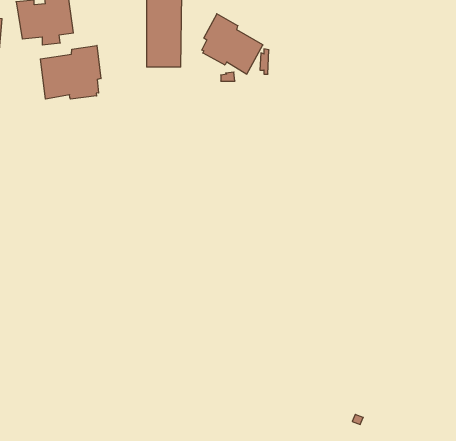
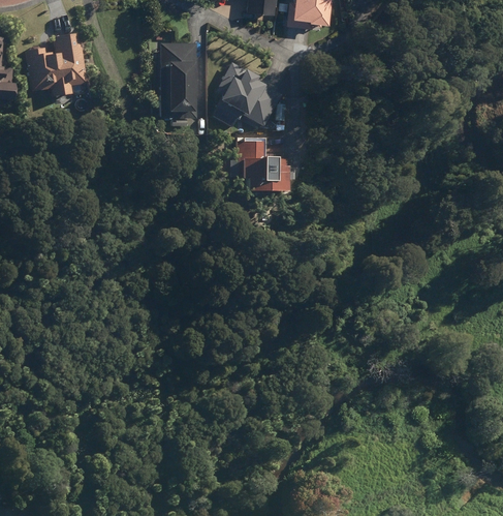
building: [40,45,101,99] -> none
building: none -> [239,142,286,191]

